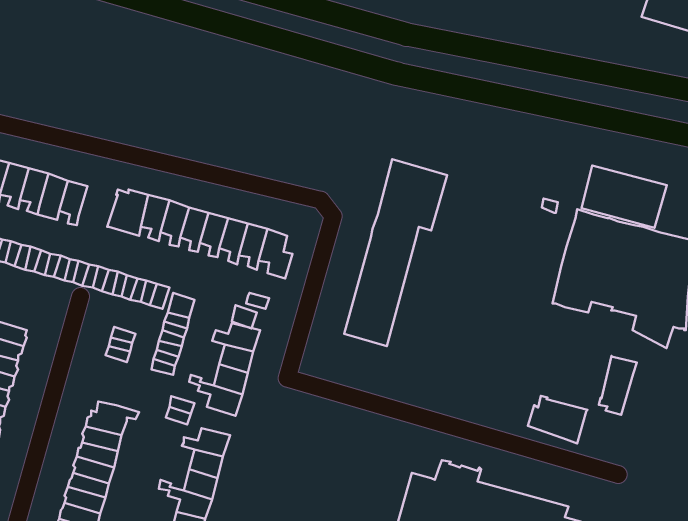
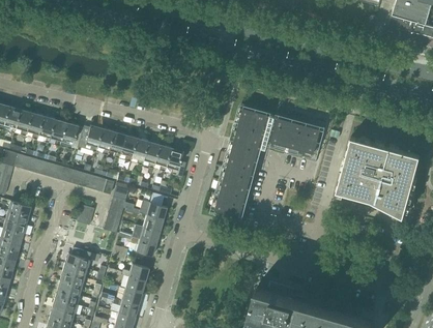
building: [581,166,667,228] -> [271,117,321,153]
building: none -> [61,123,84,149]
building: [599,356,637,415] -> none
building: [528,396,587,443] -> none

